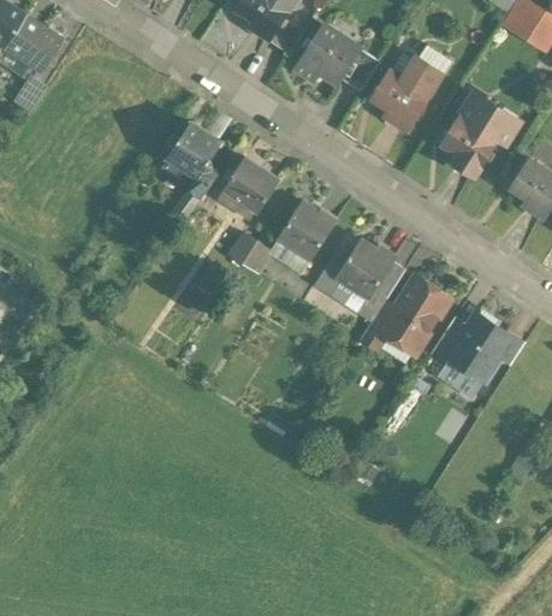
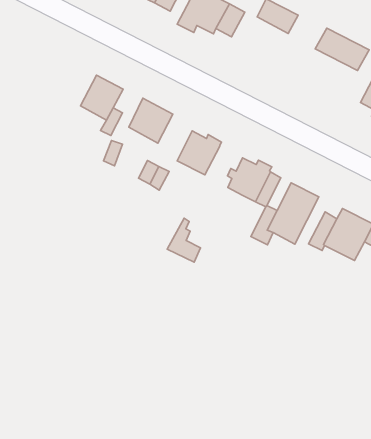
building: [374,70,429,130] -> none
building: [444,116,498,174] -> none
building: [314,248,355,303] -> [167,218,201,262]
building: [443,357,485,393] -> none

